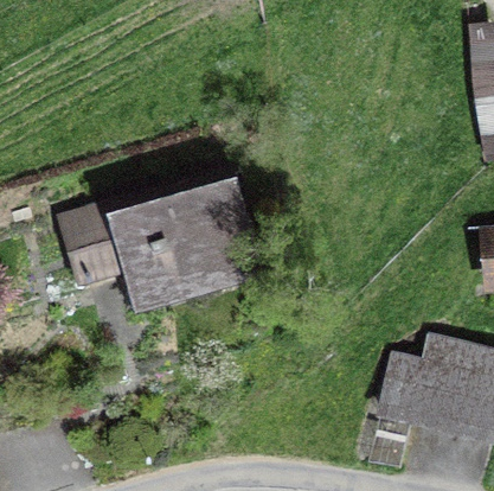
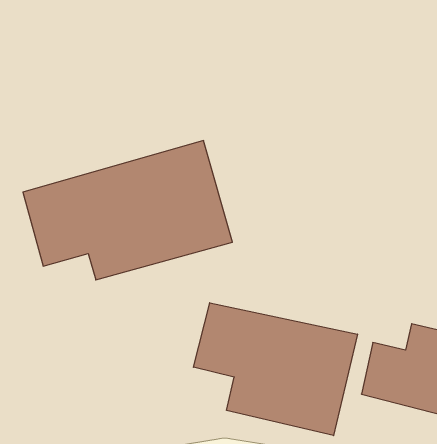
building: none -> [193,303,357,436]

